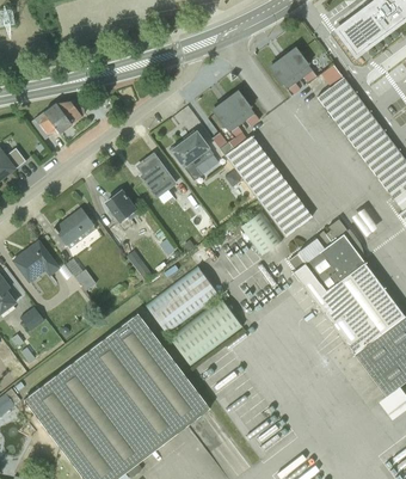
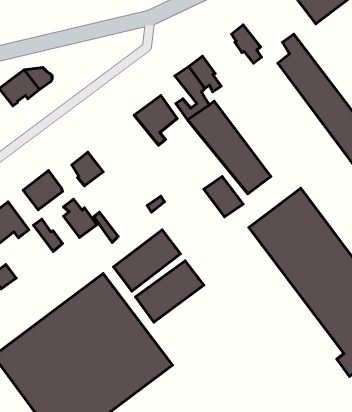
building: [281,45,315,82] -> none
building: [135,152,176,198] -> none
building: none -> [63,199,97,238]

